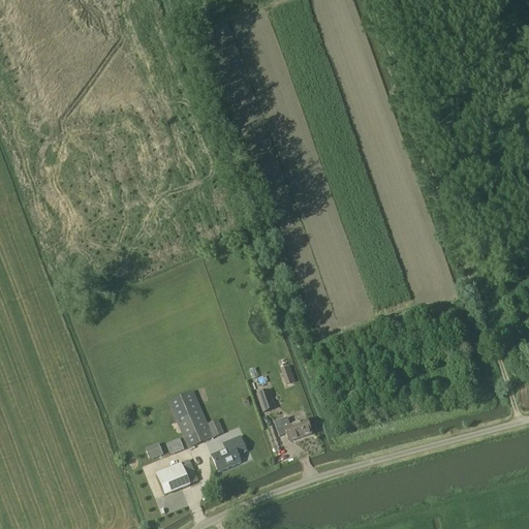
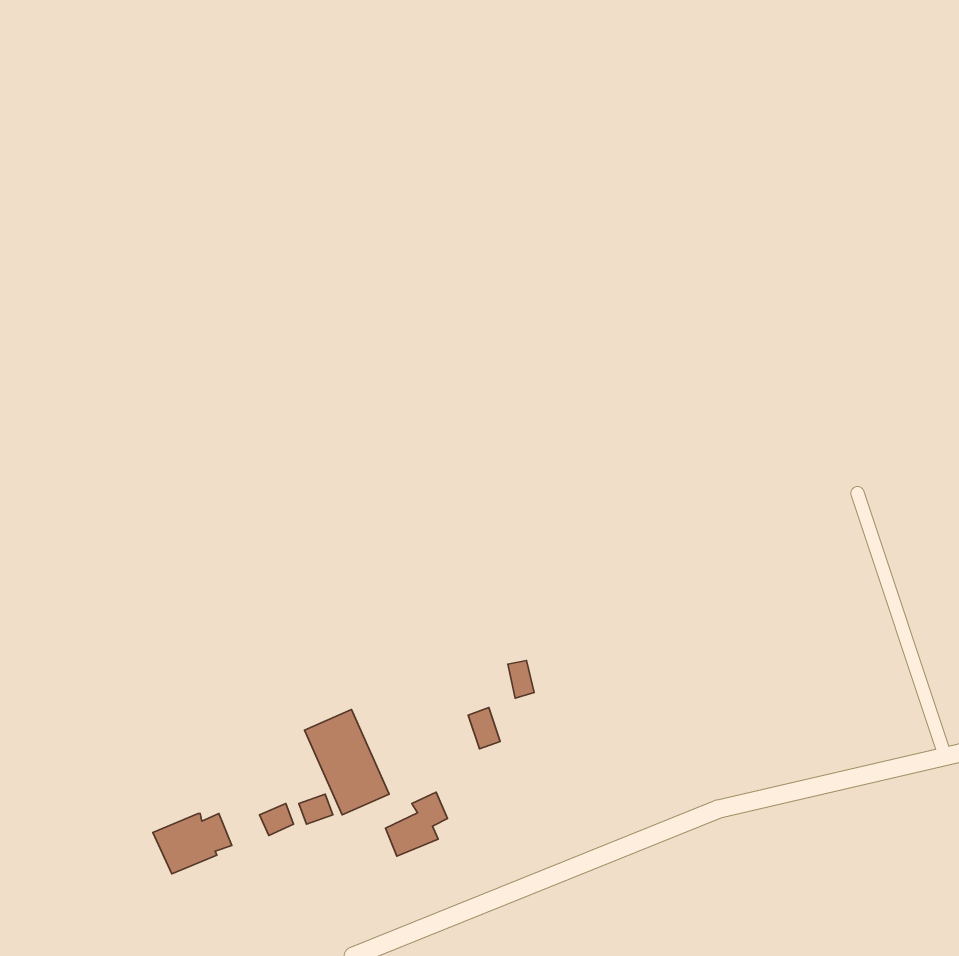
building: [276,416,313,440] -> none
building: [156,462,199,495] -> [153,814,232,874]

